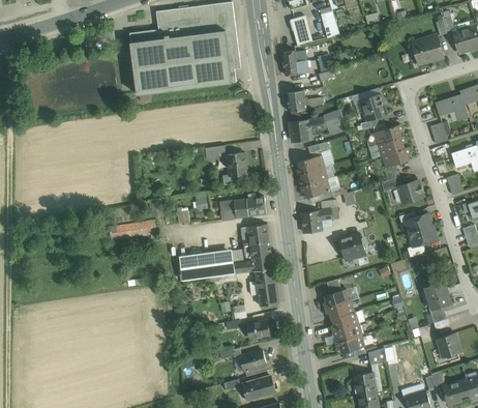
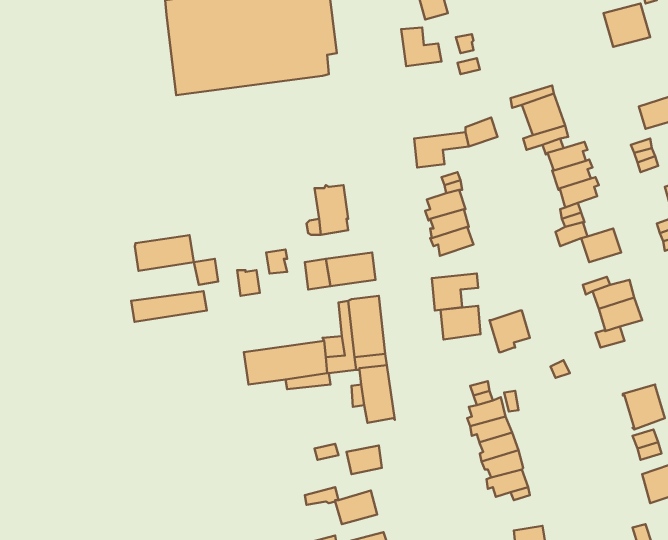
building: [286,90,315,112] -> none
building: none -> [135,235,194,271]
building: none -> [440,306,481,340]

